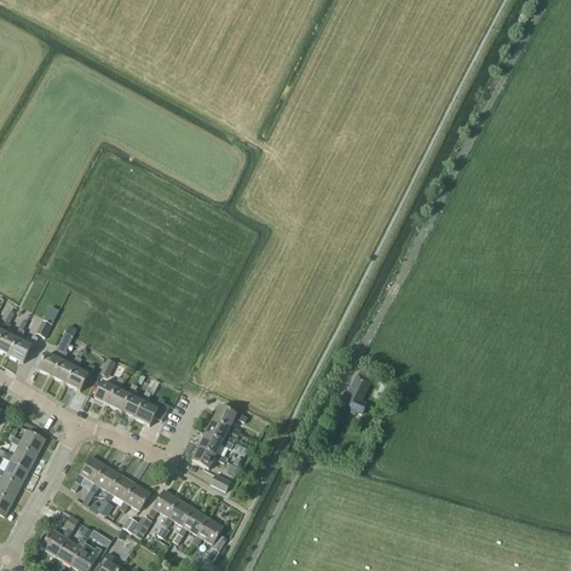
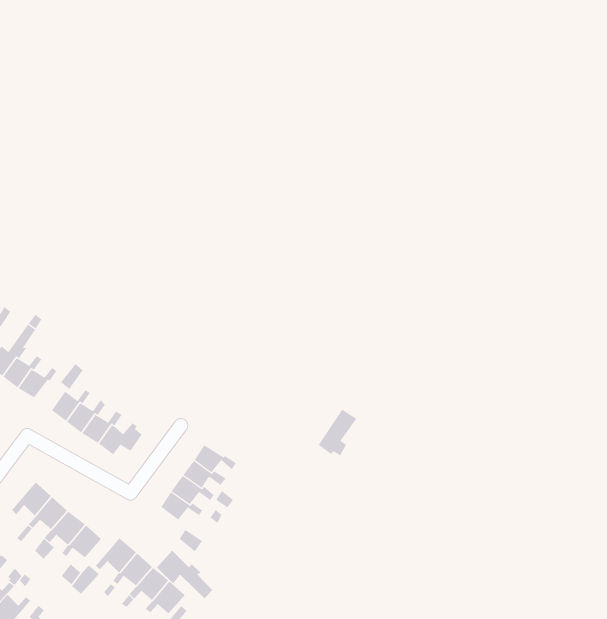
building: [342,375,370,413] -> [318,409,357,456]
building: none -> [156,550,213,599]

